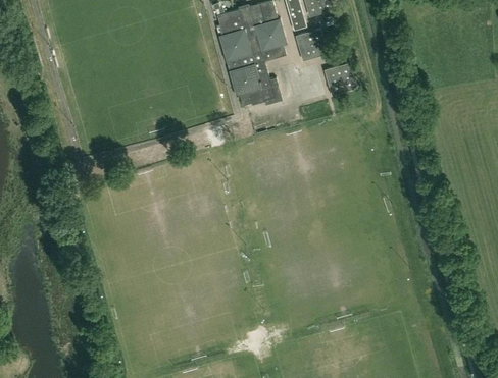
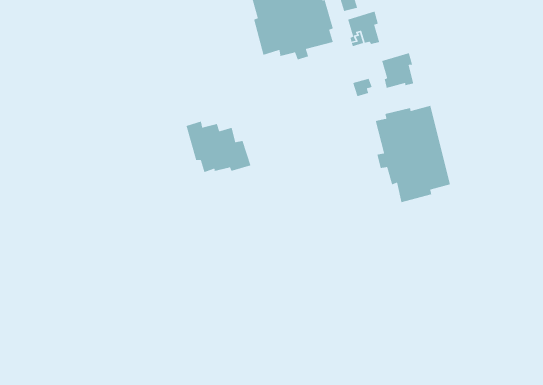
building: [227,62,282,106] -> [186,121,252,173]
building: none -> [375,105,451,203]

